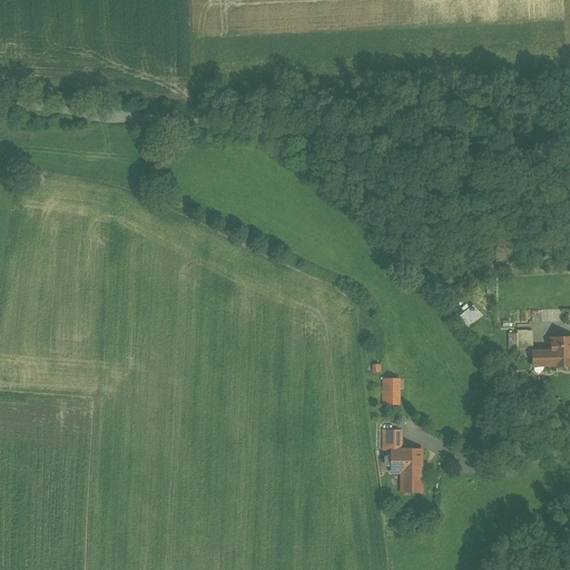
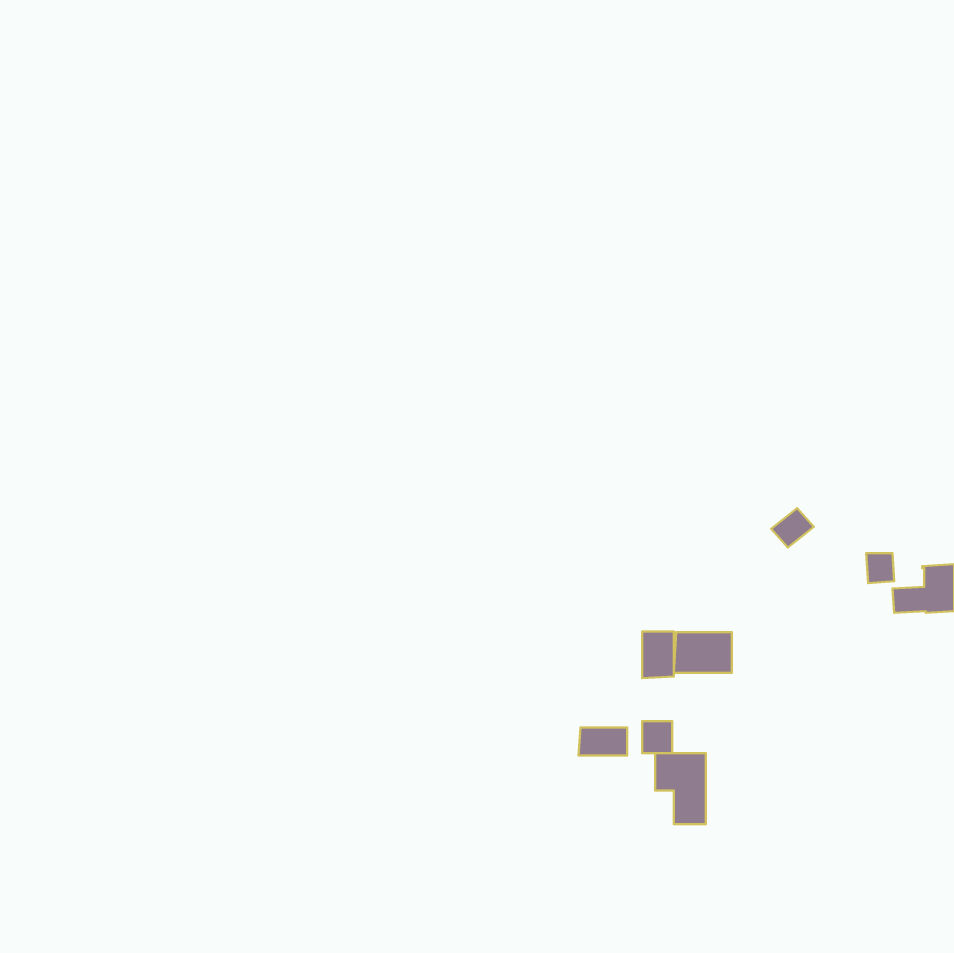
building: none -> [674,632,732,673]
building: none -> [579,727,627,756]

